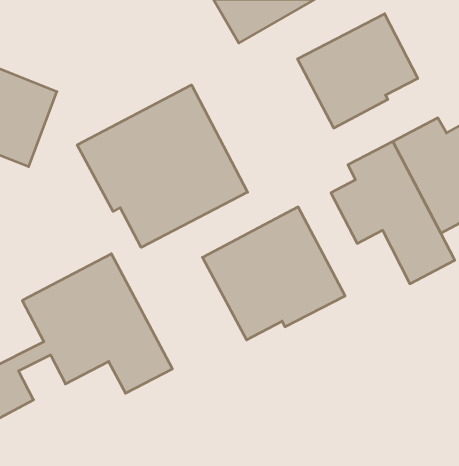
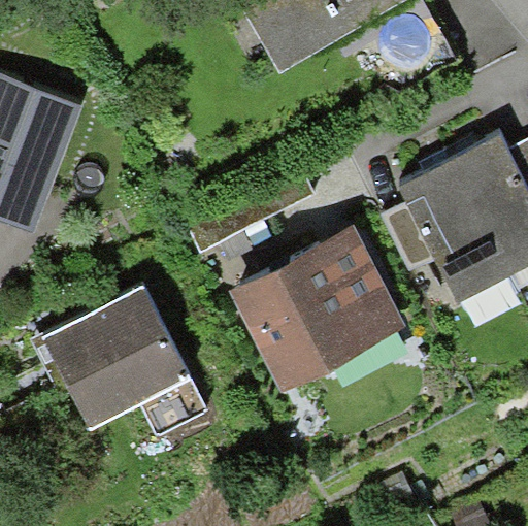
building: [298,14,418,128] -> none
building: [77,85,248,247] -> none

